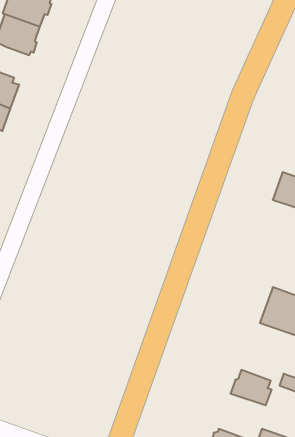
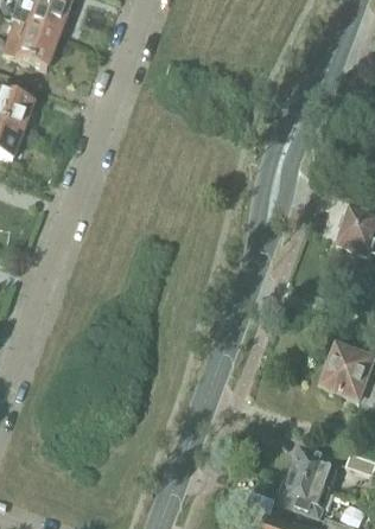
building: none -> [278,476,329,520]

